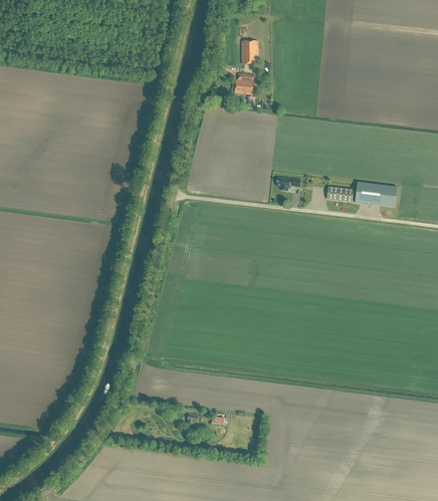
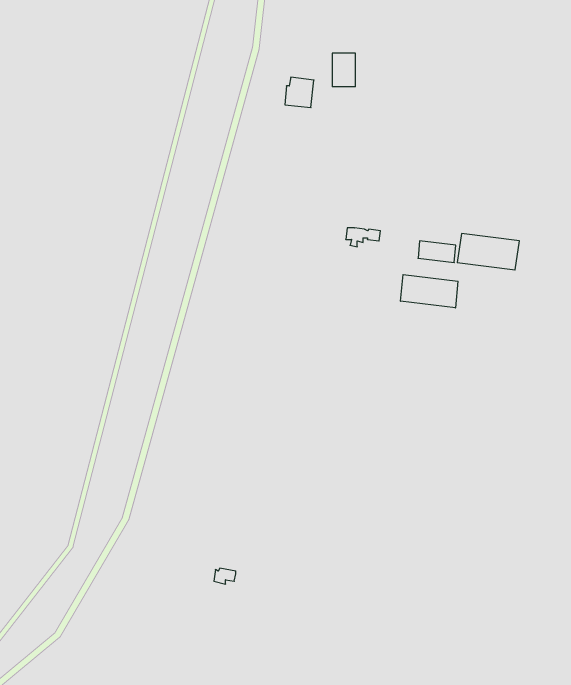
building: [241,39,257,62] -> [332,53,355,87]
building: none -> [401,275,458,308]

